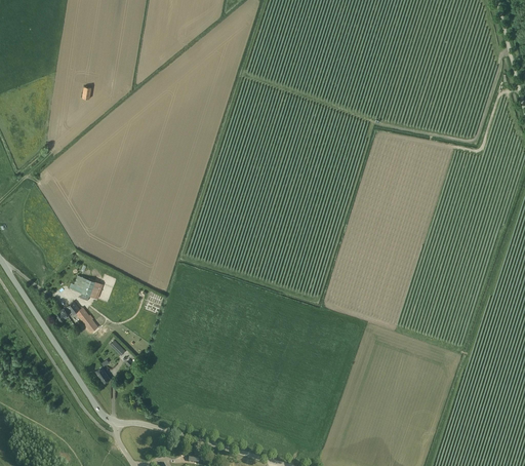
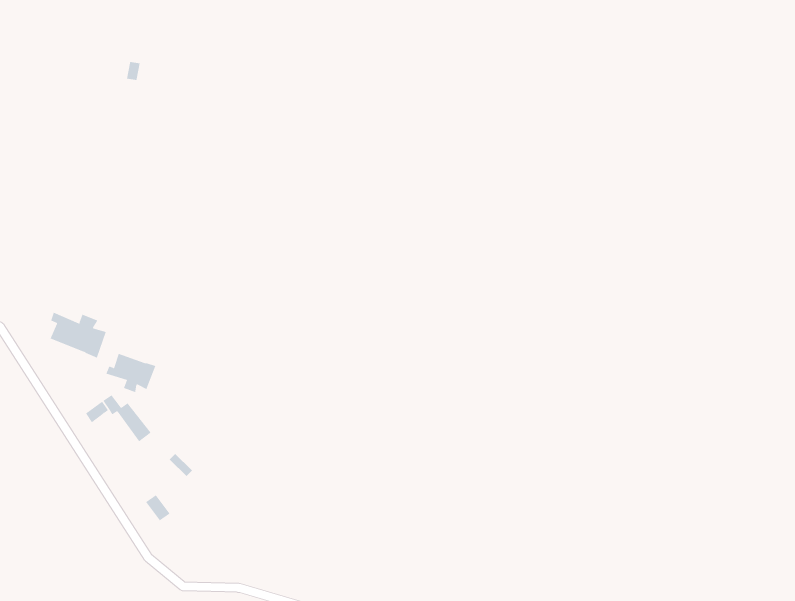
building: none -> [50,312,107,358]

